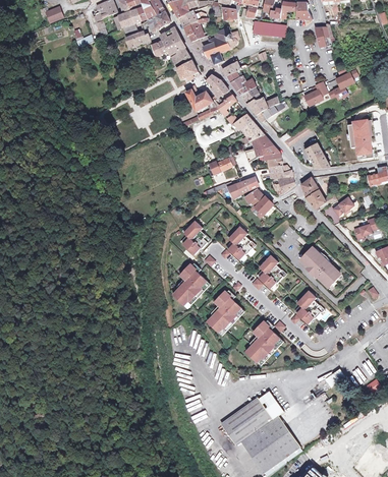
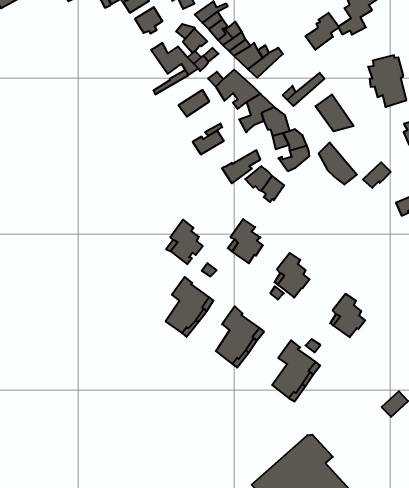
building: [300,247,340,286] -> none

